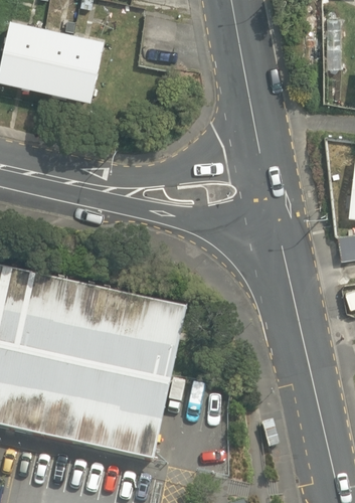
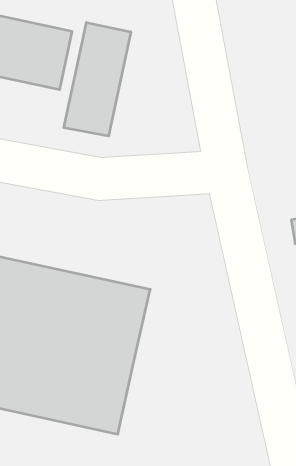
building: none -> [64,22,131,136]

